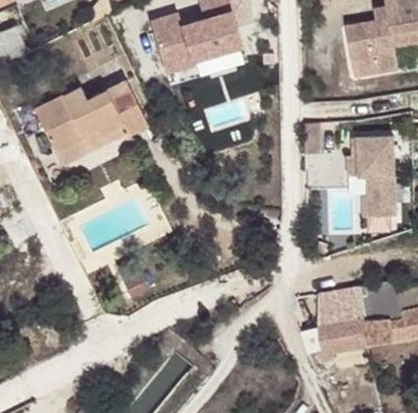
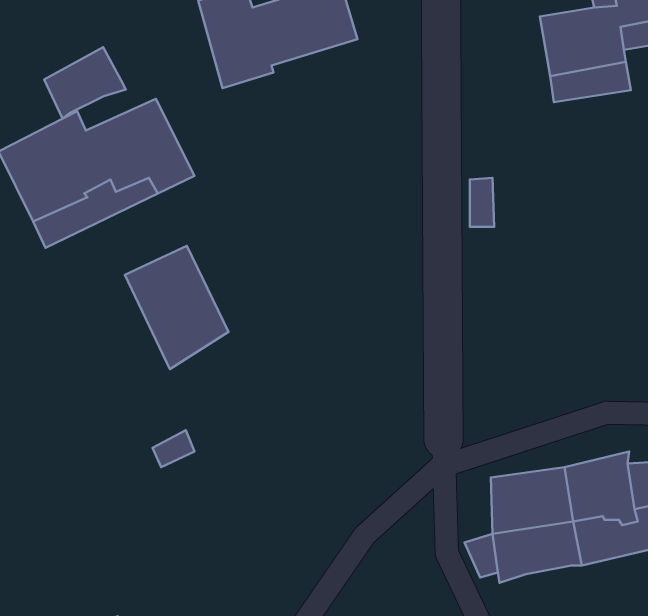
building: none -> [44,47,126,119]
building: [348,139,395,217] -> none
building: none -> [125,246,228,369]

